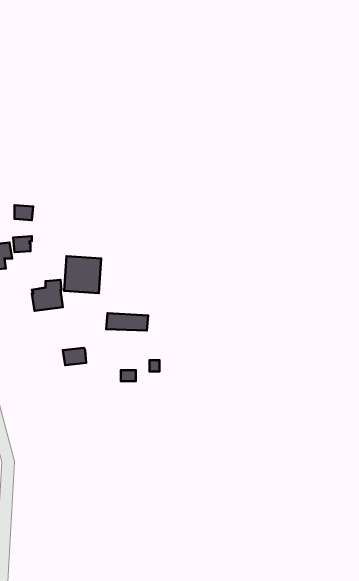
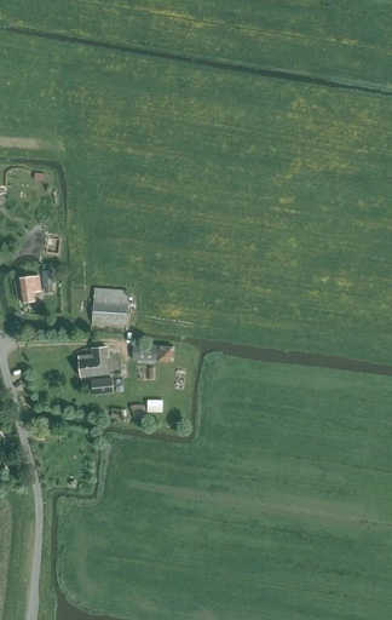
building: [32,280,63,311] -> [77,345,108,375]

